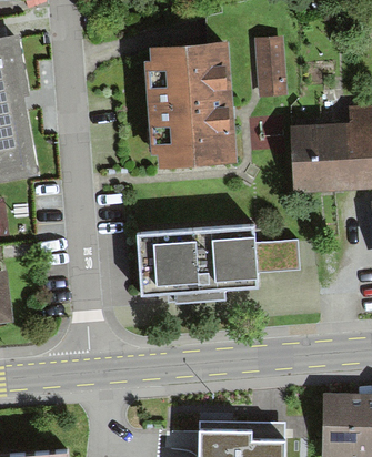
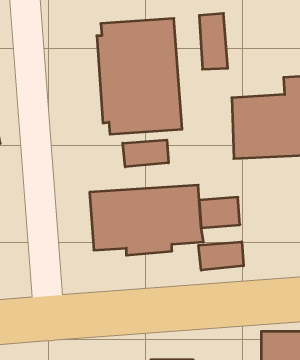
building: none -> [123,140,168,167]
building: none -> [199,242,243,270]

